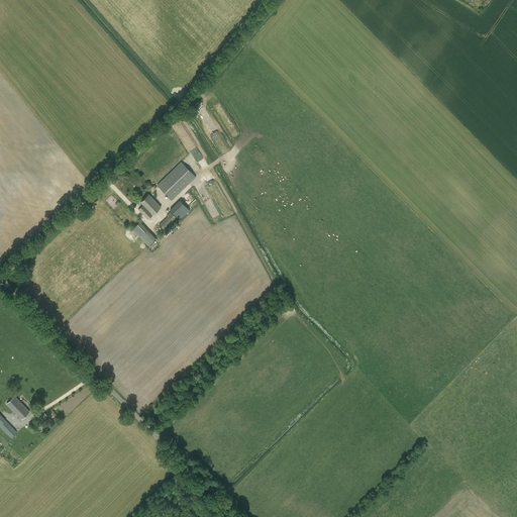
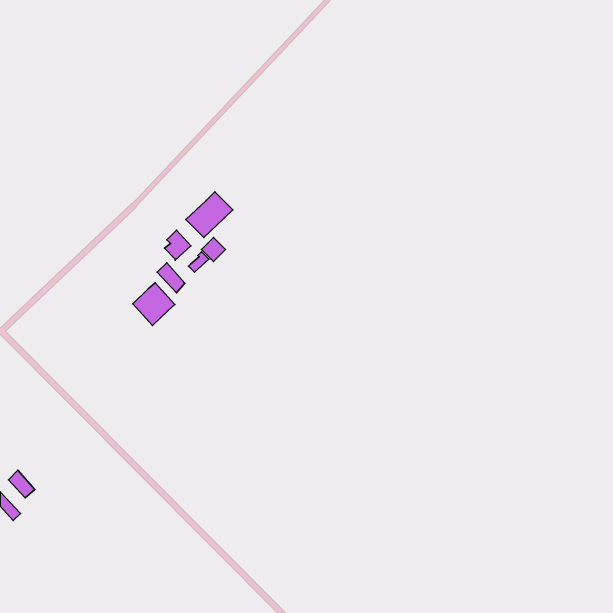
building: none -> [133,283,175,326]

